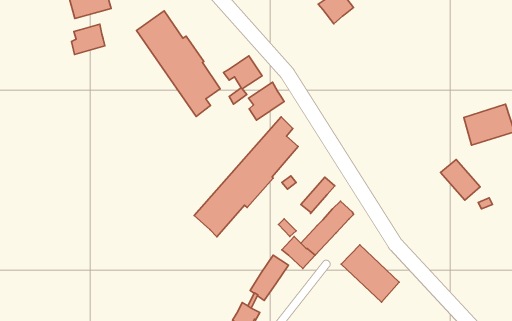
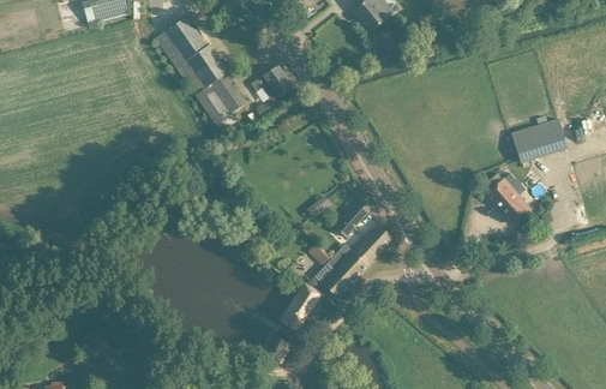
building: [71,24,105,54] -> none
building: [248,82,284,120] -> none
building: [194,117,298,237] -> none
building: [341,245,399,302] -> none

